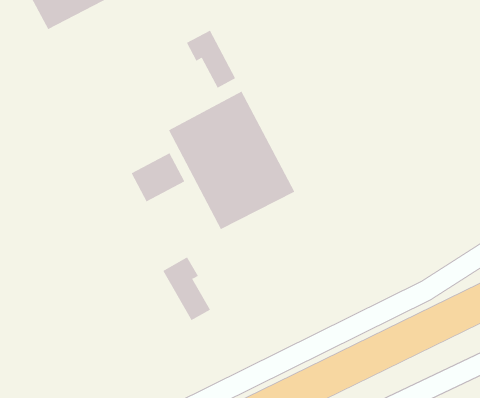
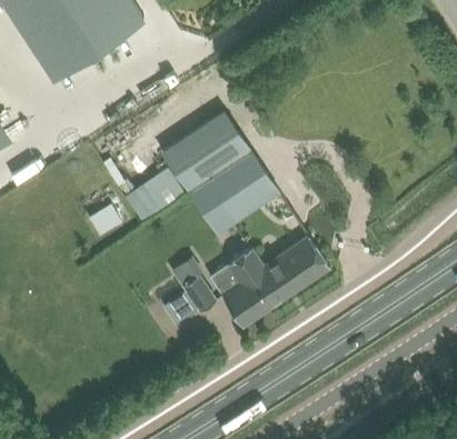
building: [186,30,236,89] -> none
building: none -> [211,238,329,326]

